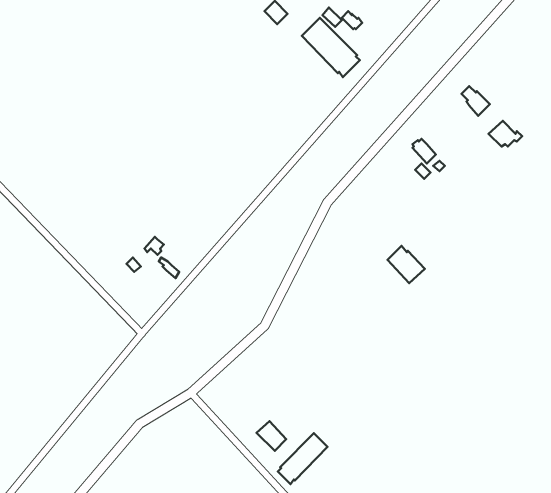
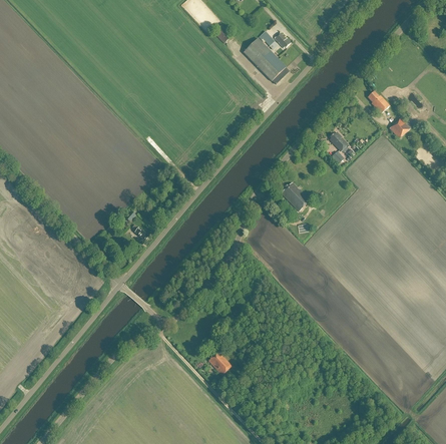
building: [387,246,425,283] -> [281,182,310,211]
building: [278,433,328,484] -> none

